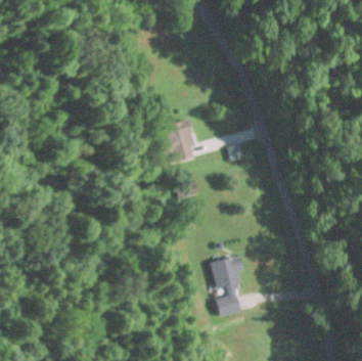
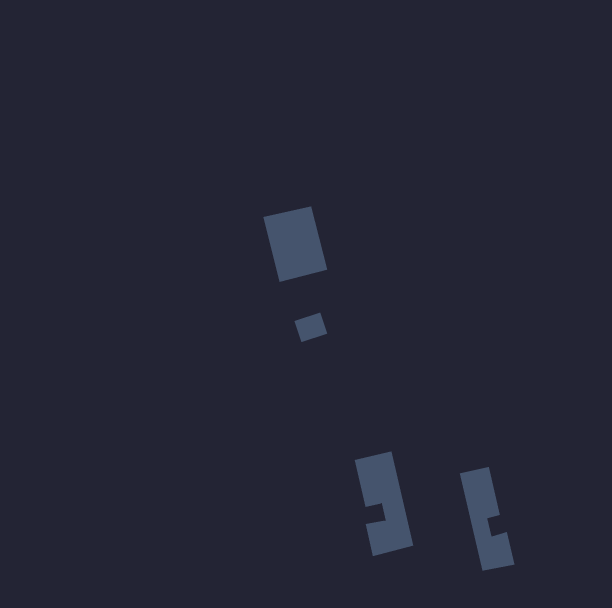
building: none -> [459,466,515,572]

